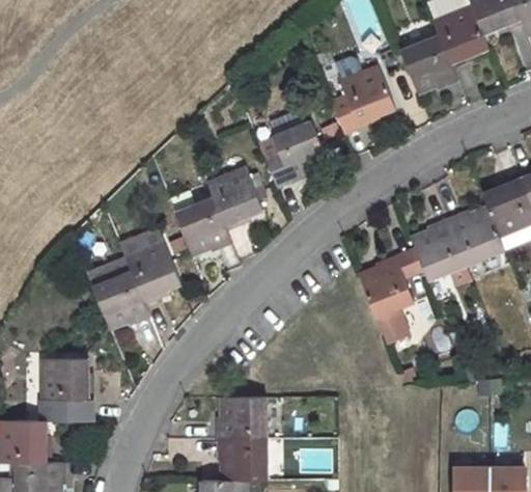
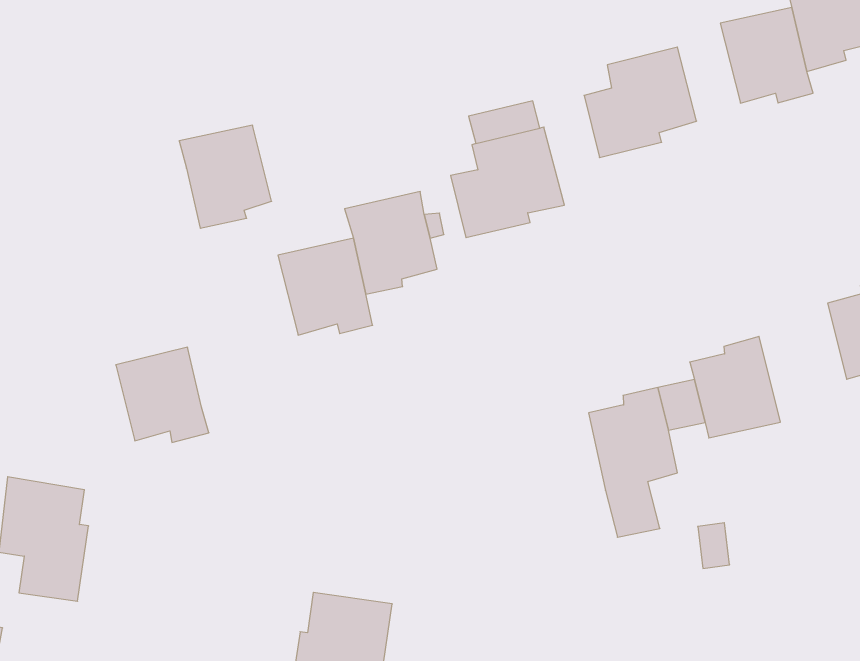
building: [447,208,504,265] -> none
building: [125,242,181,303] -> [179,125,272,228]

